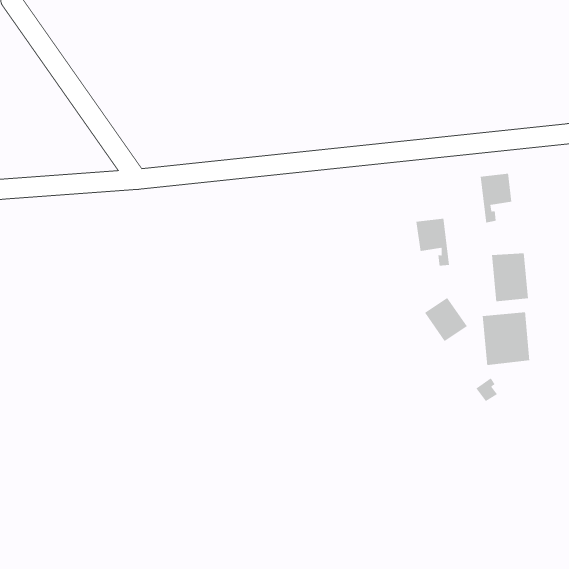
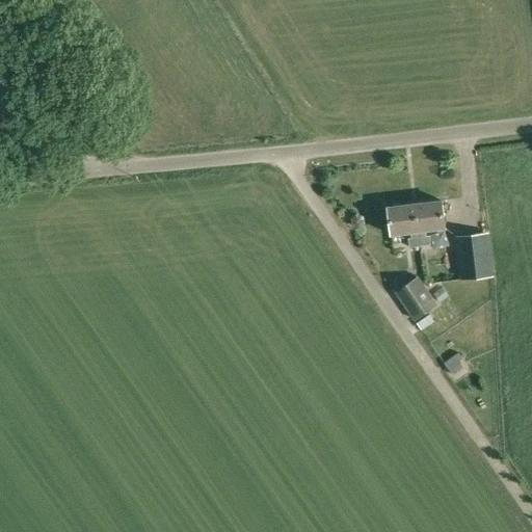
building: [480,173,512,223] -> [415,201,445,247]
building: [482,312,530,366] -> none

